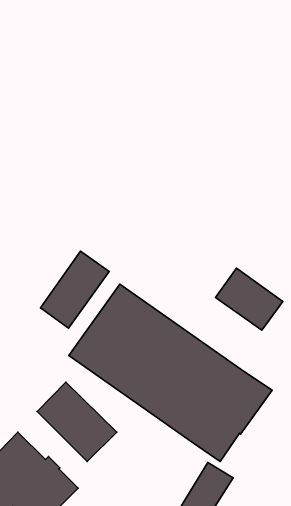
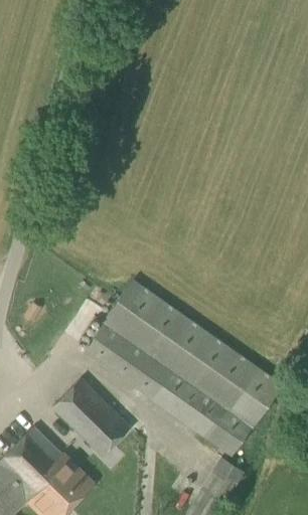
building: [41,251,109,328] -> none
building: [216,268,283,330] -> none

